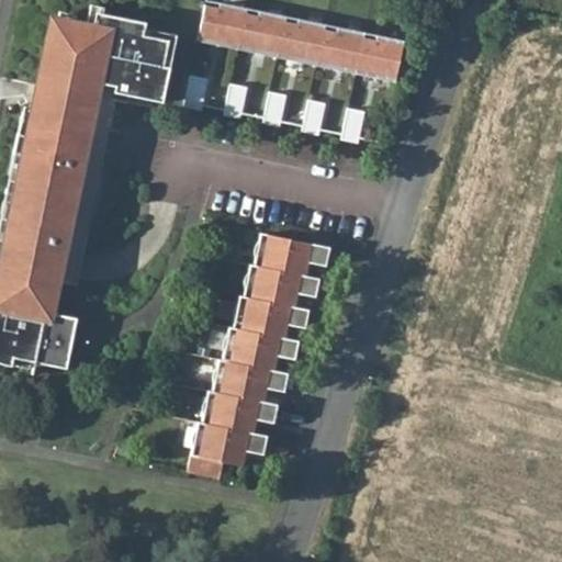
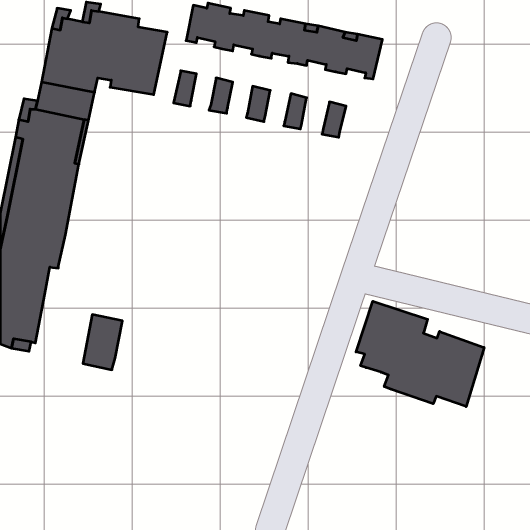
building: [182,233,328,477] -> none
building: [38,311,80,369] -> [83,315,122,370]
building: none -> [356,301,484,407]

